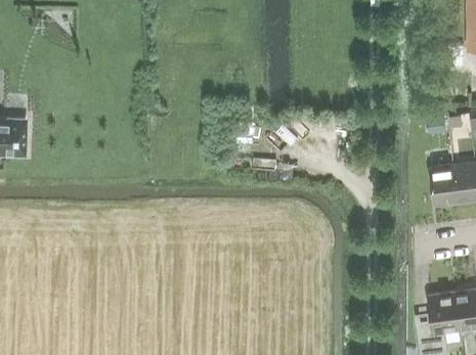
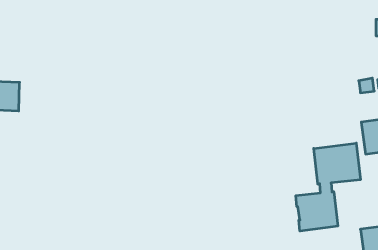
building: none -> [296,143,360,231]

